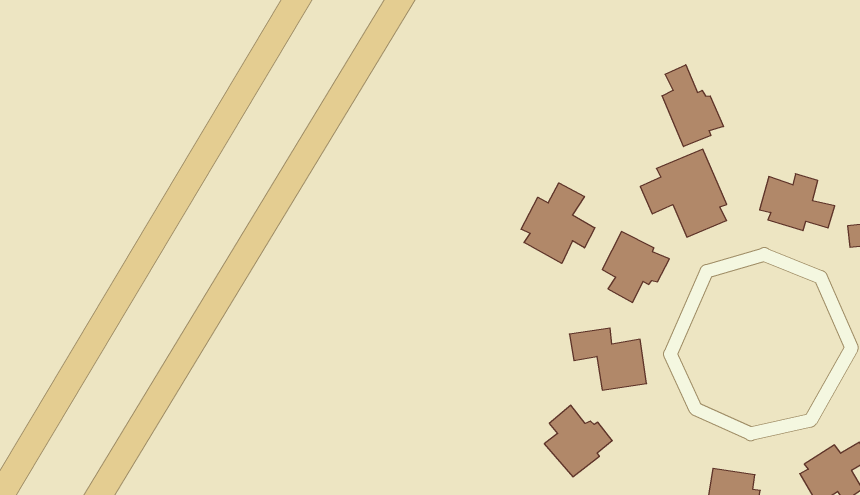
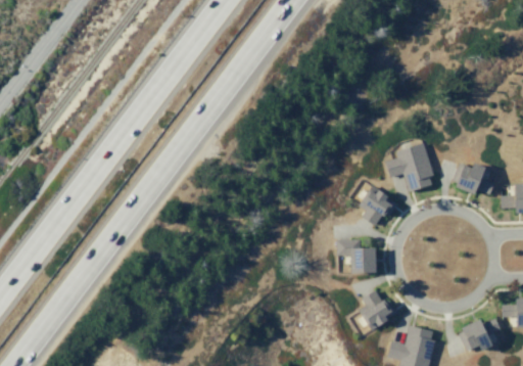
building: [662,65,723,147] -> none
building: [521,183,595,263] -> none
building: [544,405,612,477] -> [359,289,397,330]

